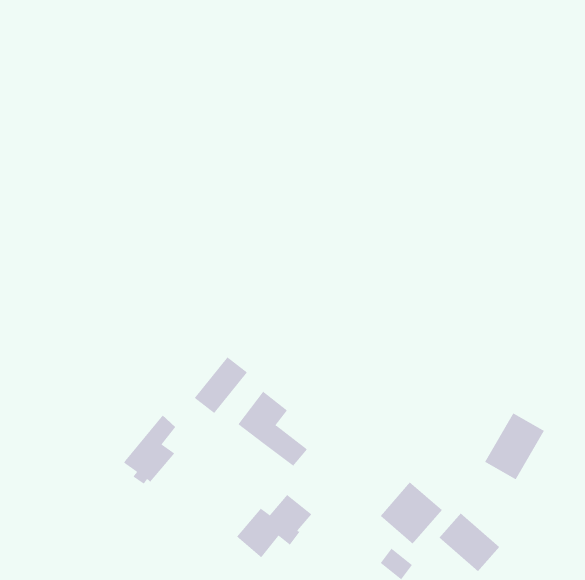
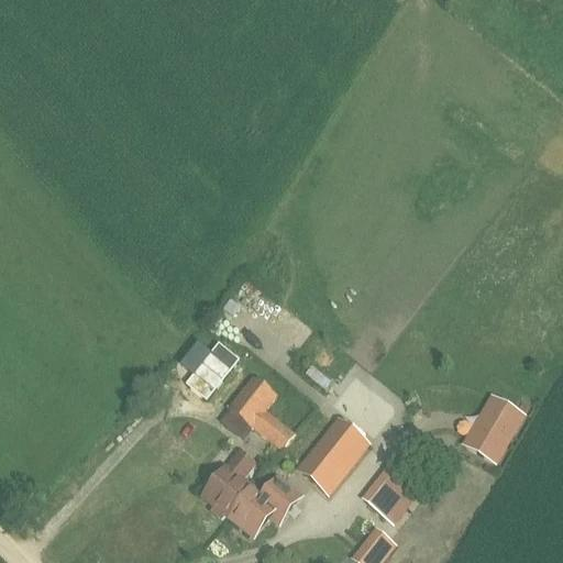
building: [123,415,176,484] -> [200,450,251,517]
building: none -> [299,421,365,492]
building: [438,513,500,572] -> none

